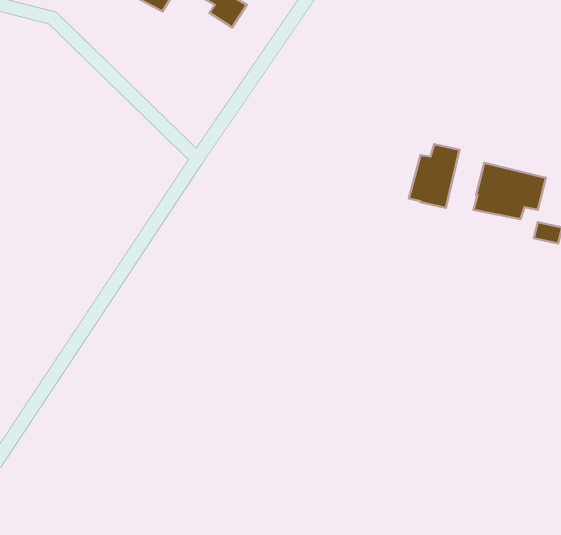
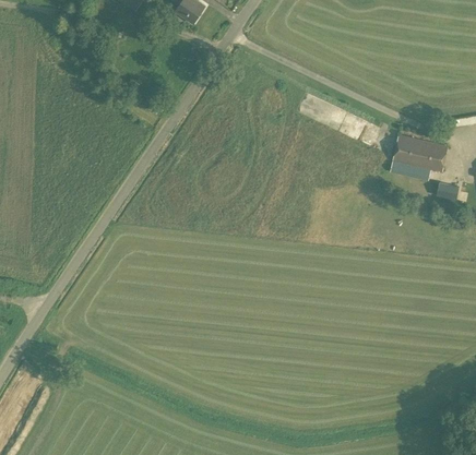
building: [409,144,460,208] -> none

